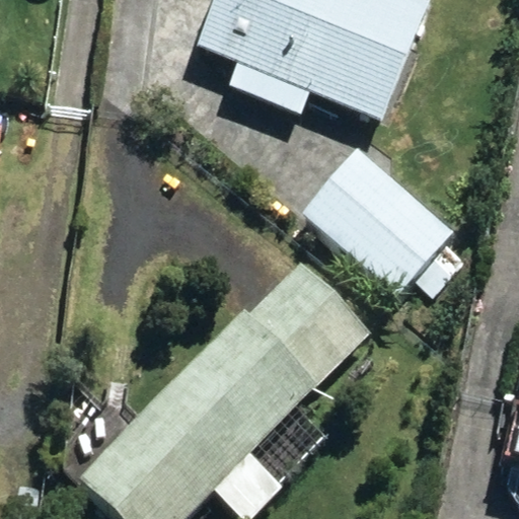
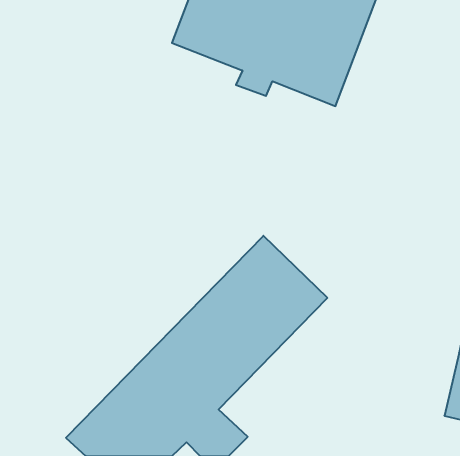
building: [300,147,453,296] -> none

